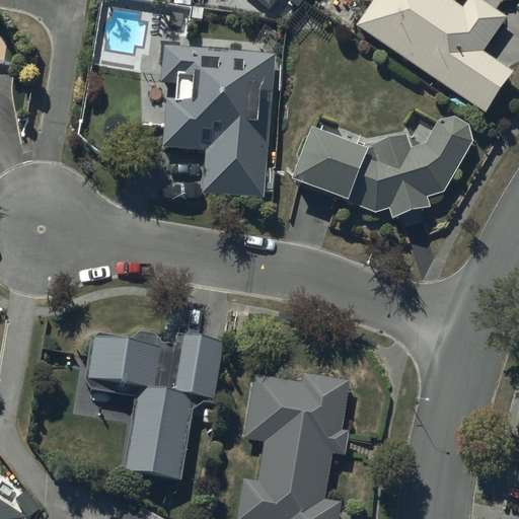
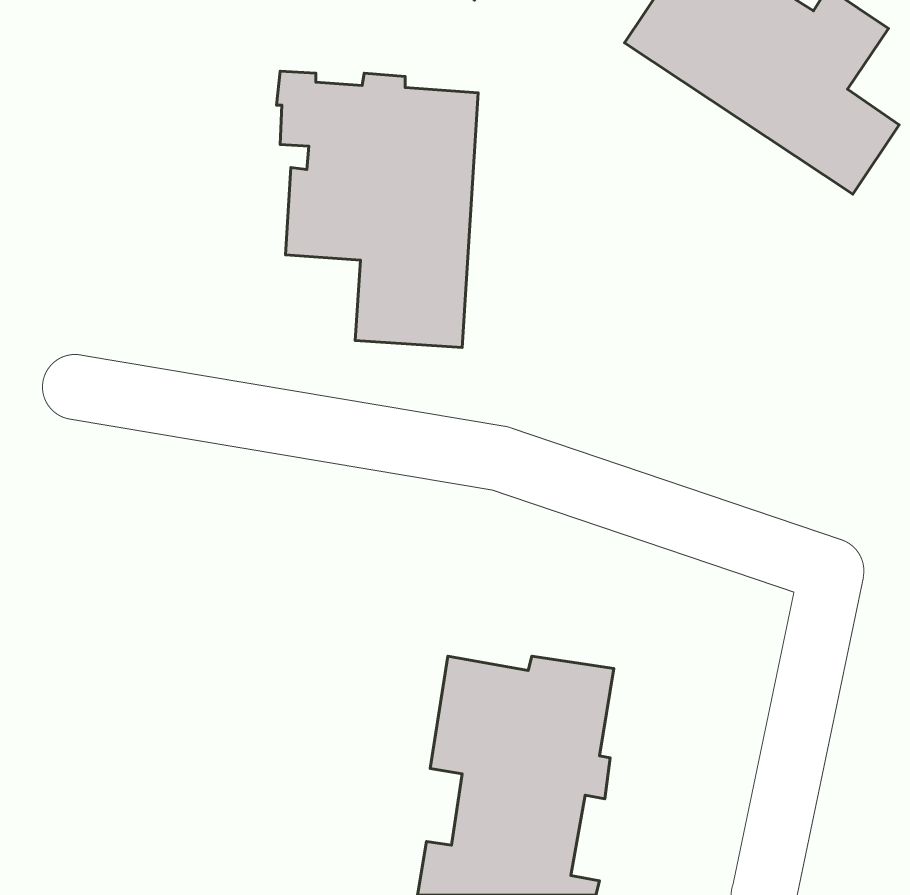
building: [288,114,471,214] -> none
building: [86,337,223,483] -> none

